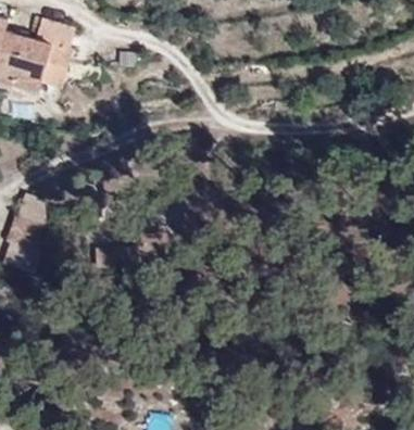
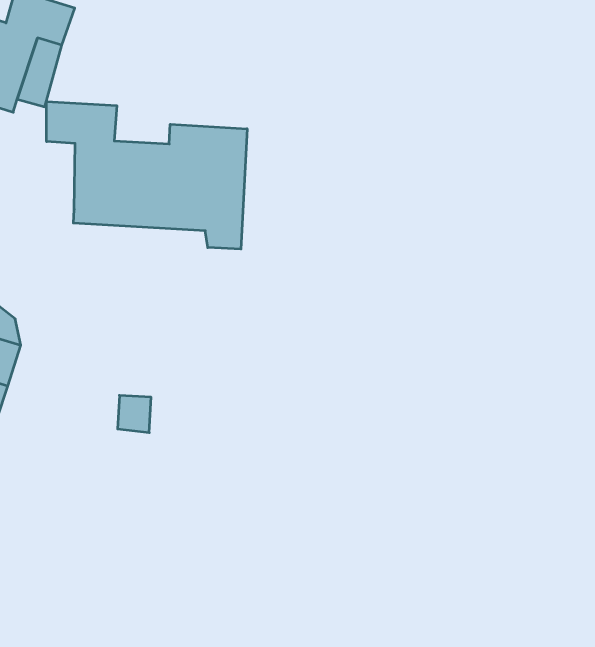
building: none -> [46,101,247,249]

